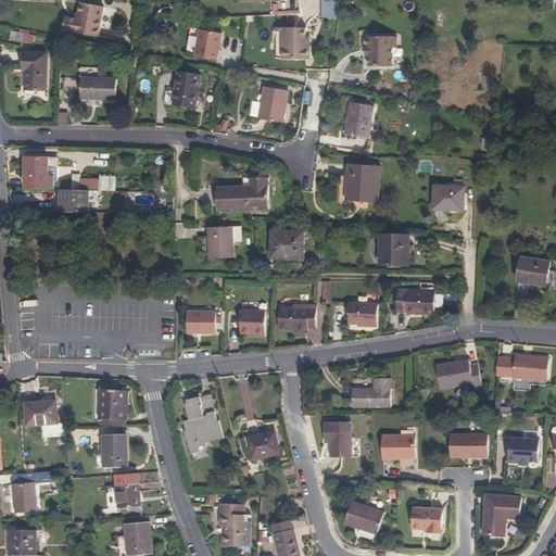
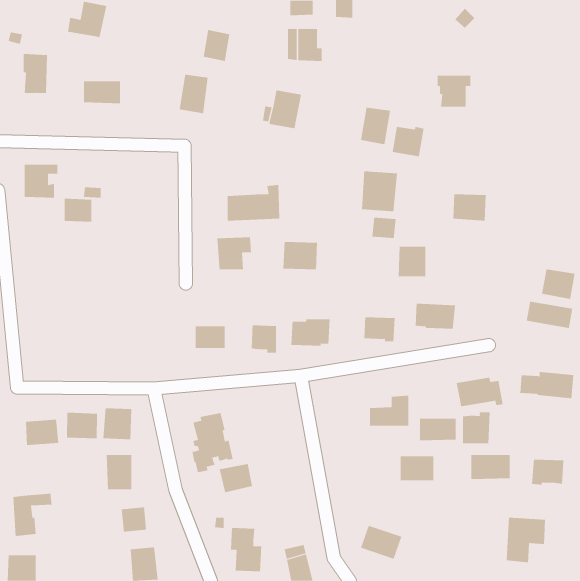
building: [363,36,395,66] -> [437,75,471,107]
building: none -> [392,126,424,157]
building: none -> [372,217,396,239]
building: none -> [526,301,573,329]
building: none -> [463,411,490,444]
building: none -> [67,412,97,439]
building: none -> [420,418,456,441]
building: [324,421,351,457] -> none
building: [245,431,278,459] -> [219,463,253,493]
building: [410,506,442,532] -> none

